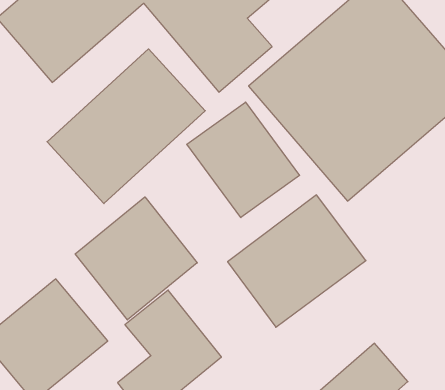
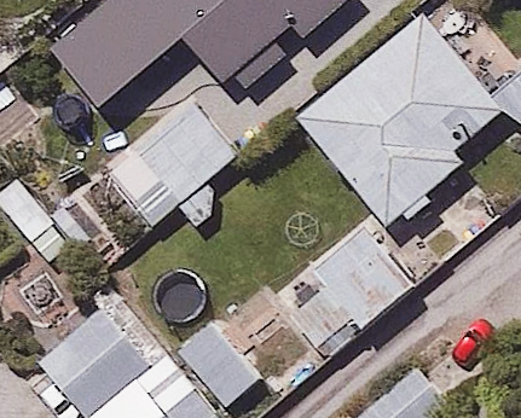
building: [187,102,300,218] -> none
building: [75,197,197,320] -> none

